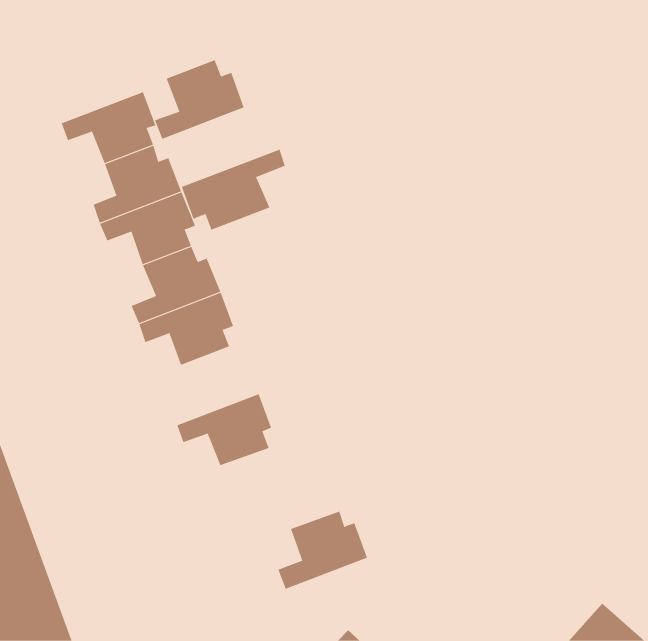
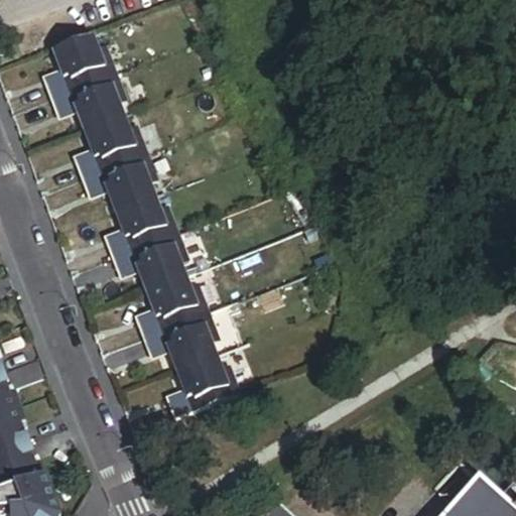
building: [154,59,245,139] -> [42,34,114,98]
building: [181,149,285,230] -> none
building: none -> [134,275,206,338]
building: [277,511,368,590] -> [164,356,236,418]

